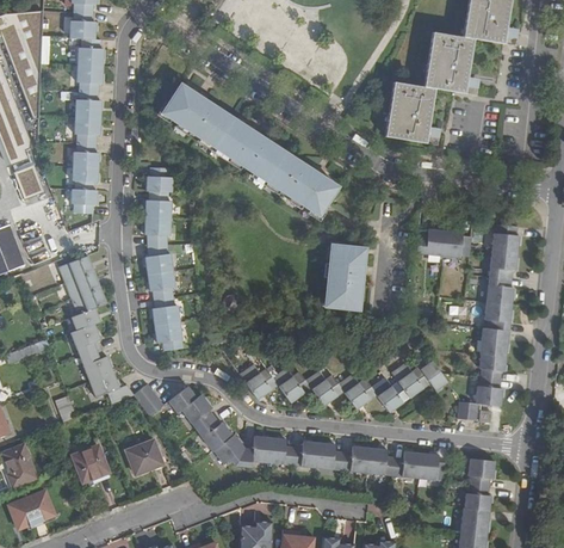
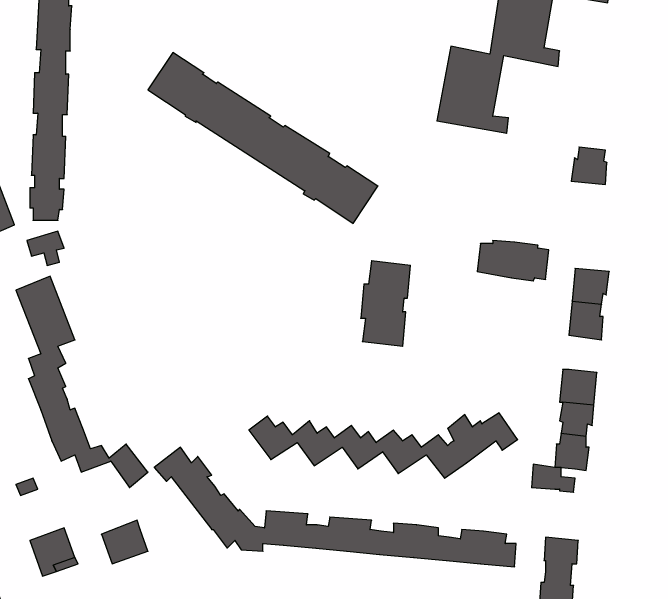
building: [145,165,182,347] -> none
building: [490,222,517,251] -> [571,147,607,184]
building: [483,300,510,328] -> none

